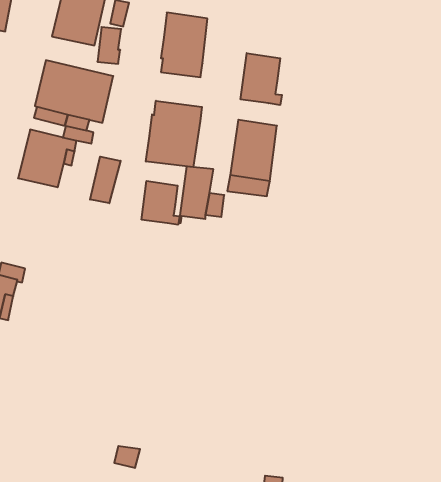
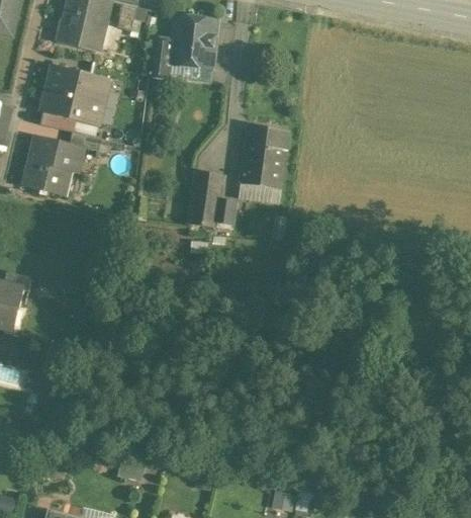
building: [97,27,121,64] -> [148,39,172,77]
building: [241,53,282,105] -> none
building: [146,101,202,167] -> none
building: [90,157,121,203] -> none
building: [142,181,180,225] -> none

